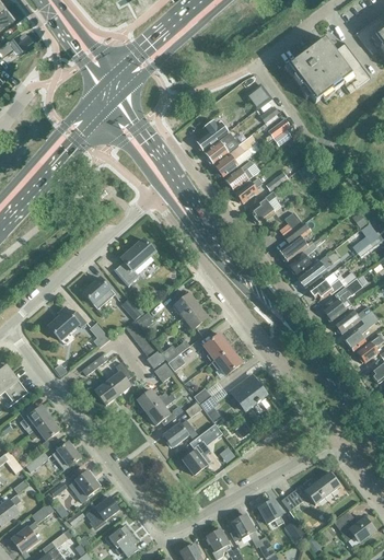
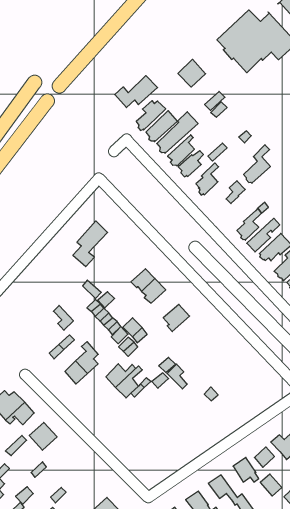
building: none -> [115,76,158,108]
building: [279,223,309,261] -> [244,145,270,183]
building: [82,277,114,308] -> none
building: [48,307,86,340] -> none
building: [210,347,242,374] -> none
building: [231,374,266,410] -> none
building: [163,418,194,447] -> none
building: [182,423,221,475] -> none
building: [69,469,100,502] -> none
building: [85,495,119,527] -> none

